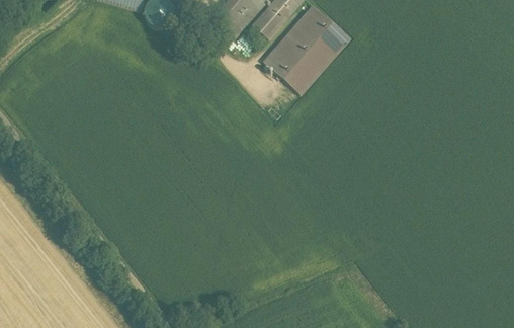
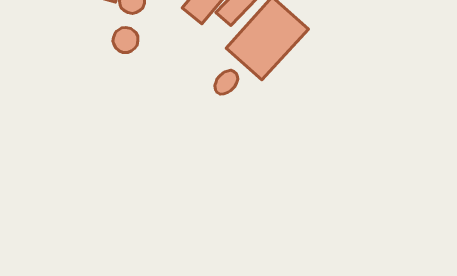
building: none -> [113,28,138,52]
building: none -> [215,70,238,94]

